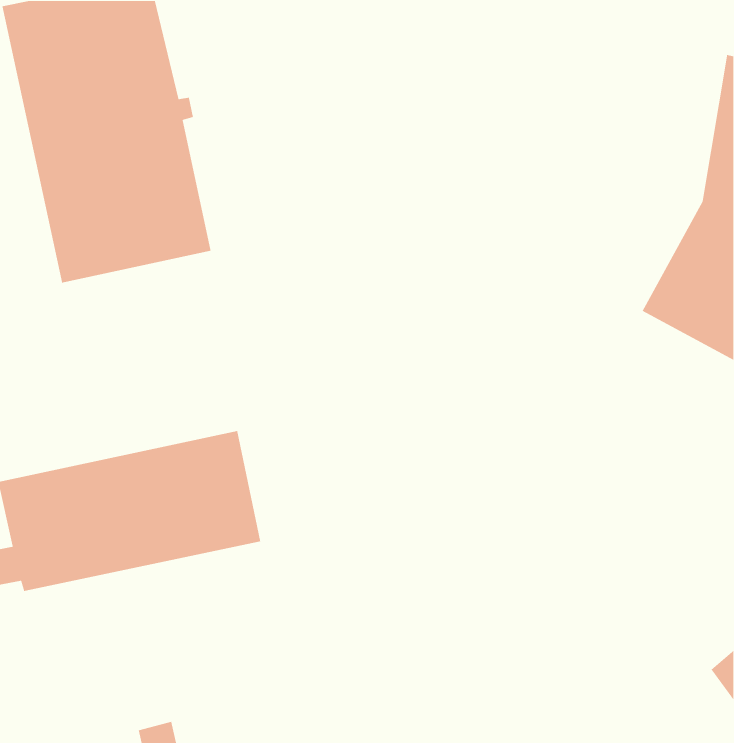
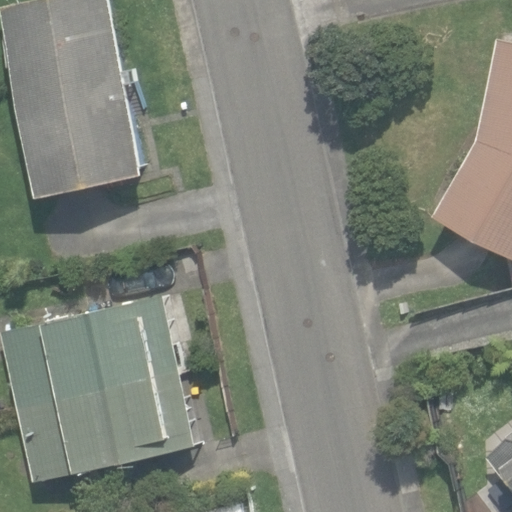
building: none -> [16,374,194,481]

